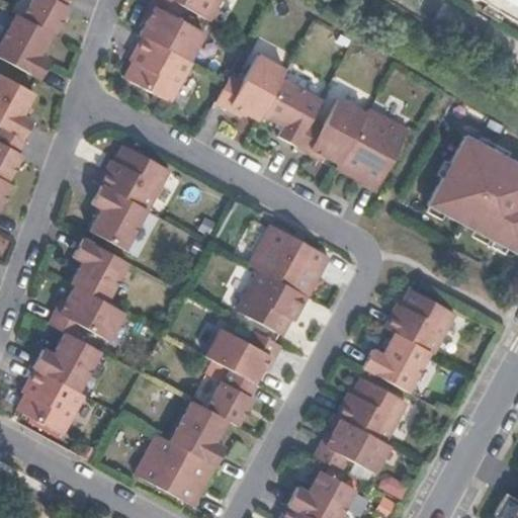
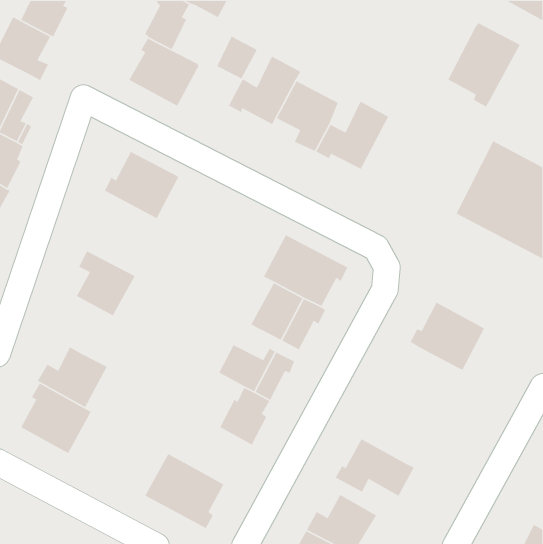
building: [163,20,202,62] -> [216,36,258,79]
building: [342,108,412,189] -> [447,22,521,108]
building: [89,184,147,249] -> none
building: [51,284,126,339] -> none
building: [366,332,434,392] -> none
building: [339,376,410,442] -> none
building: [172,399,228,462] -> none

